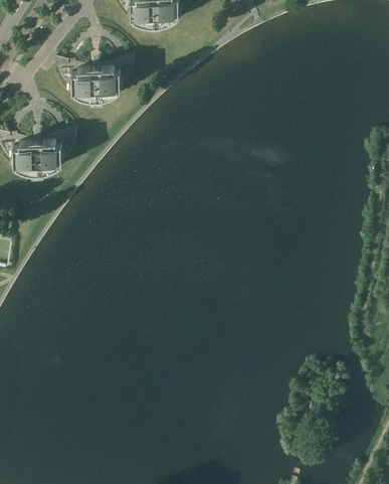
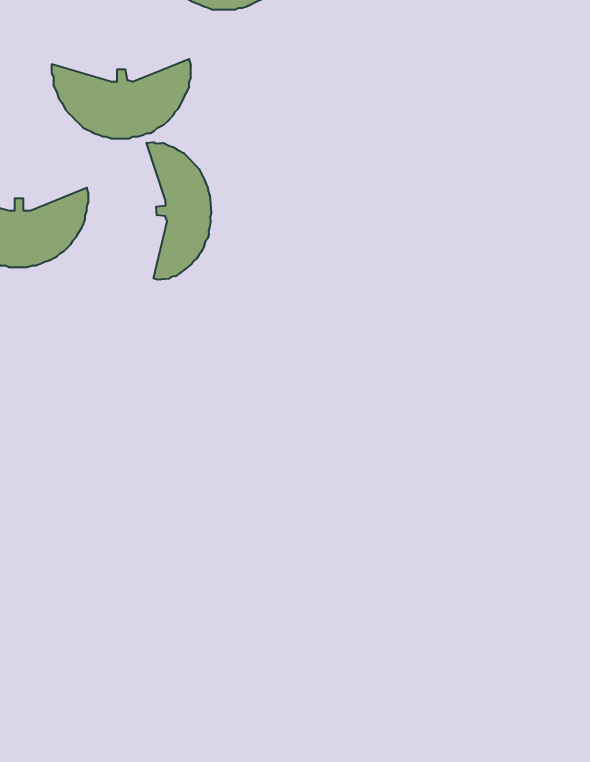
building: none -> [147,142,211,280]

